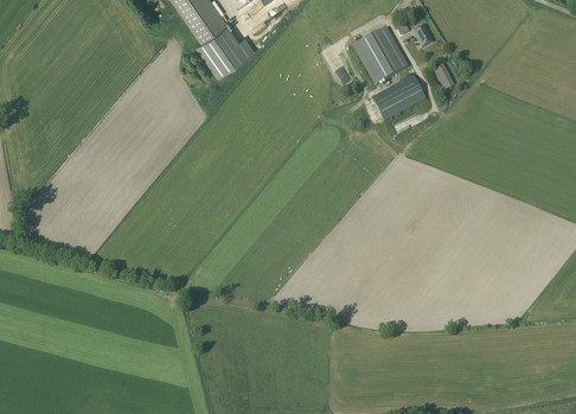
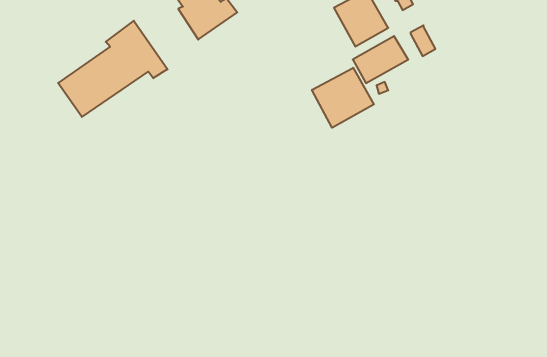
building: none -> [58,21,168,117]
building: none -> [312,68,374,128]

